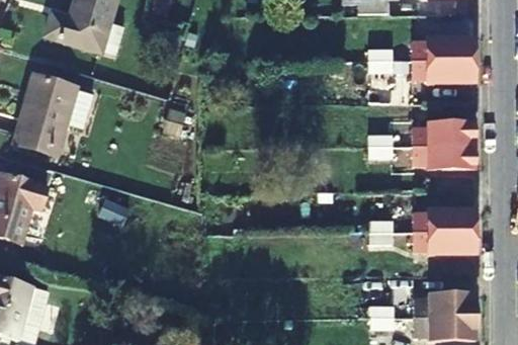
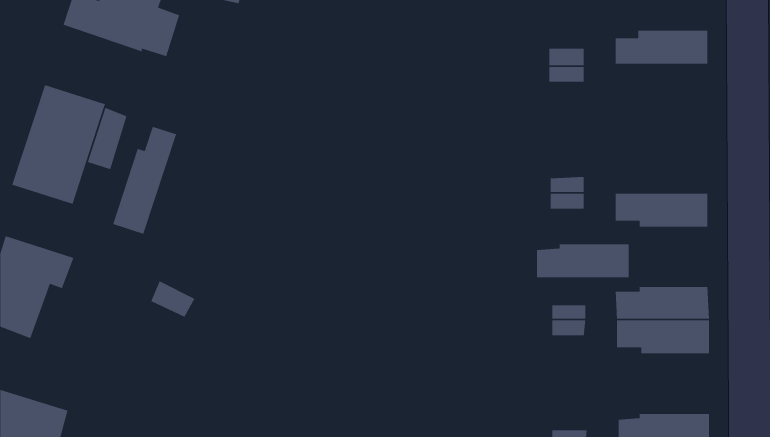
building: [413,60,476,83] -> none
building: none -> [112,126,177,235]
building: [413,122,476,146] -> [536,243,630,278]

